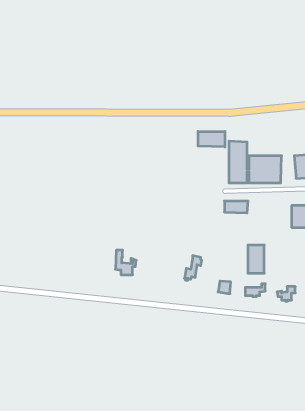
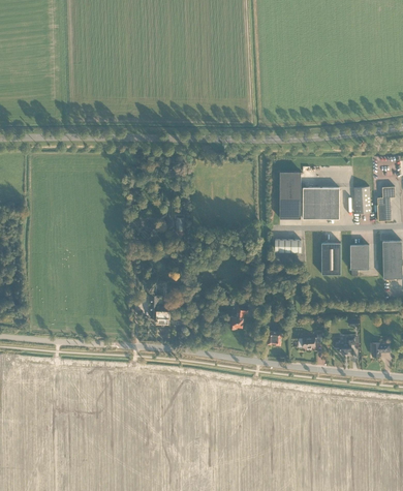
building: [198,131,225,147] -> none
building: [248,245,264,273] -> [321,243,340,275]

